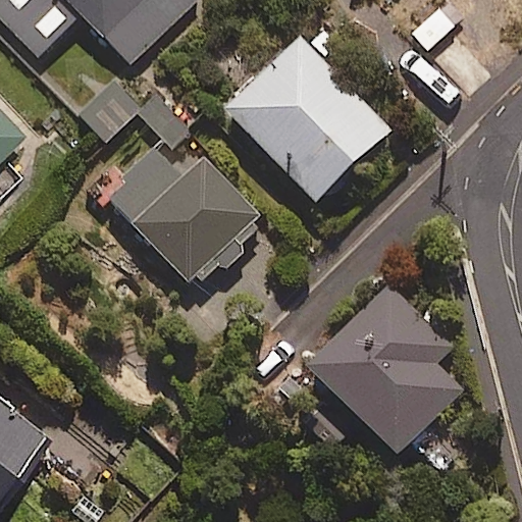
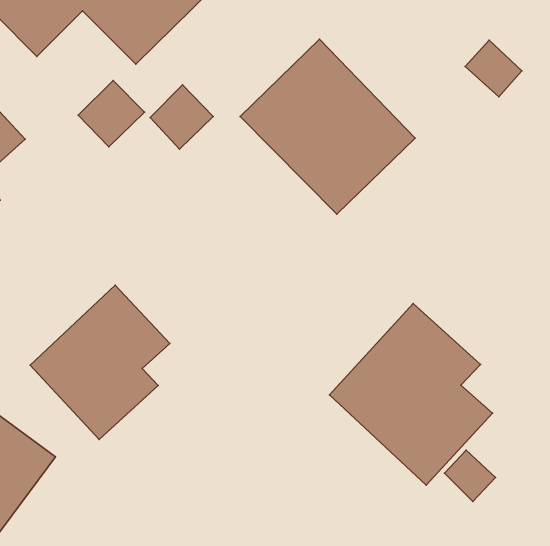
building: [106,148,259,283] -> none
building: none -> [30,285,170,439]

